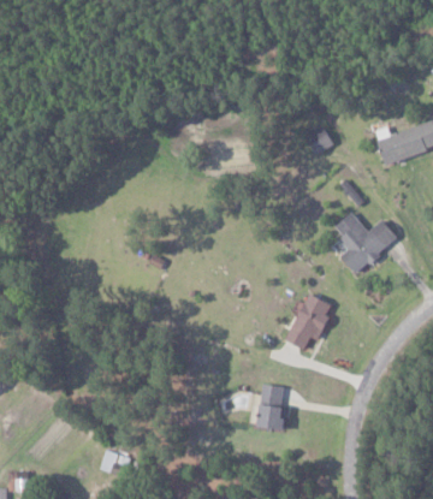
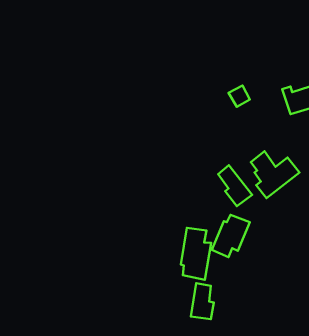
building: none -> [218,165,252,206]
building: none -> [181,228,211,280]

